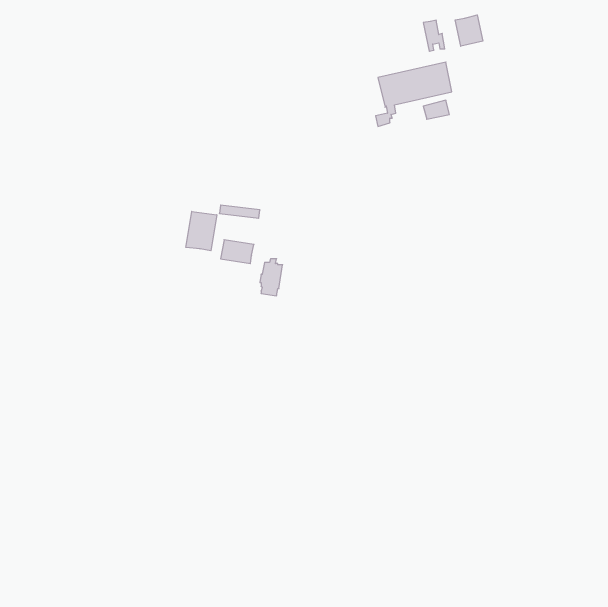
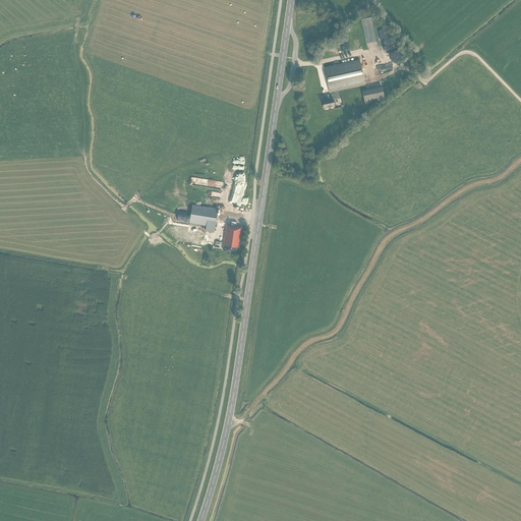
building: [455,15,483,46] -> none
building: [186,211,217,251] -> none

